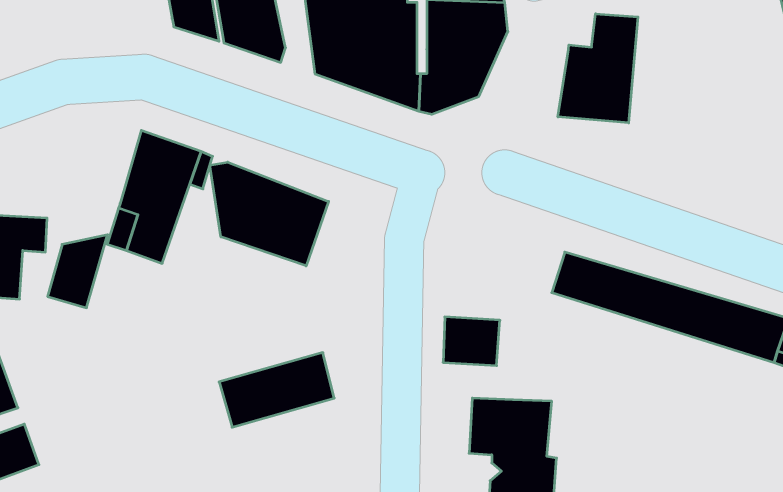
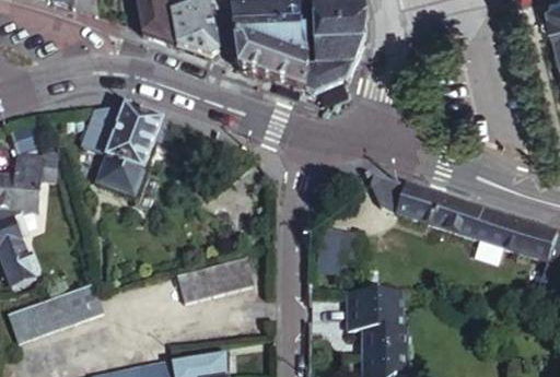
building: [558,14,638,123] -> none
building: [210,162,329,266] -> none
building: [48,235,108,308] -> [81,105,121,154]
building: none -> [43,285,102,330]

